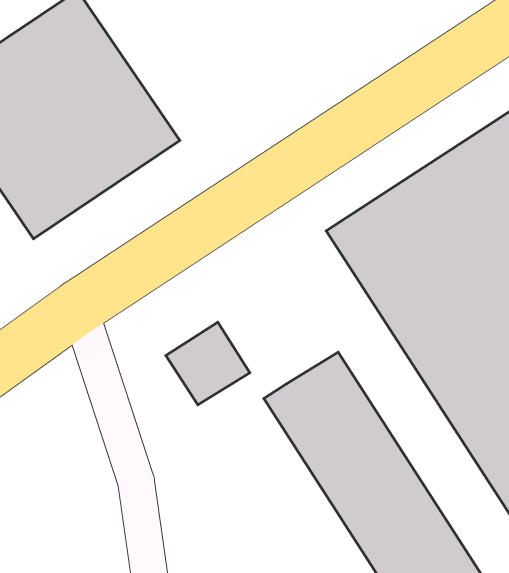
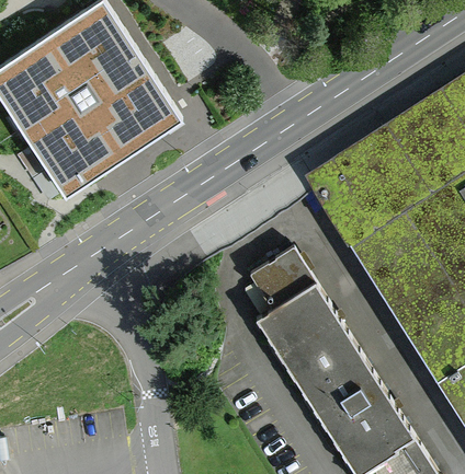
building: [166,322,250,405] -> [250,248,319,316]

